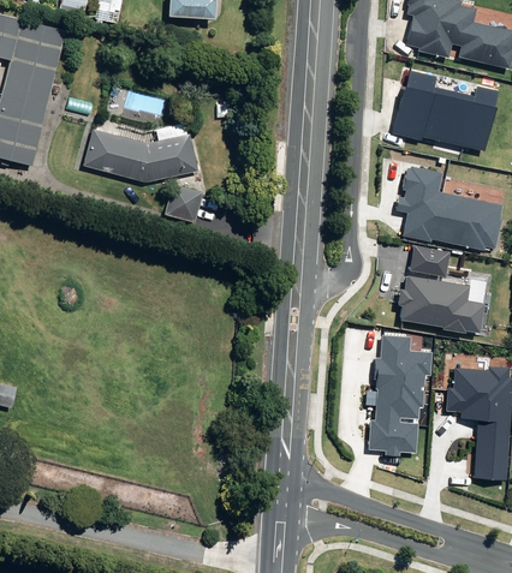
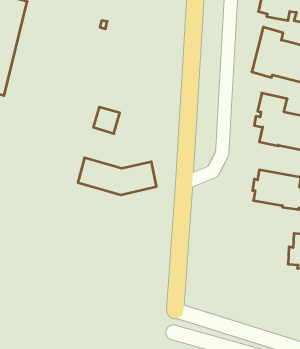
building: [83,127,197,181] -> [78,158,156,195]
building: [411,246,451,277] -> none
building: [370,335,434,455] -> none

